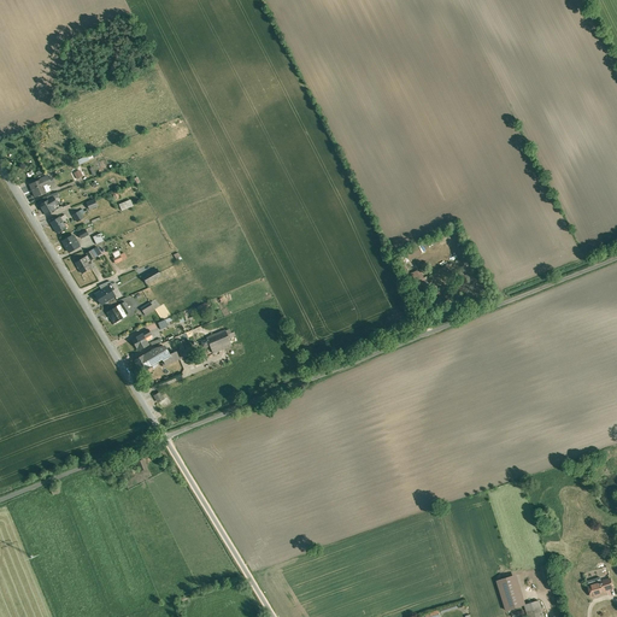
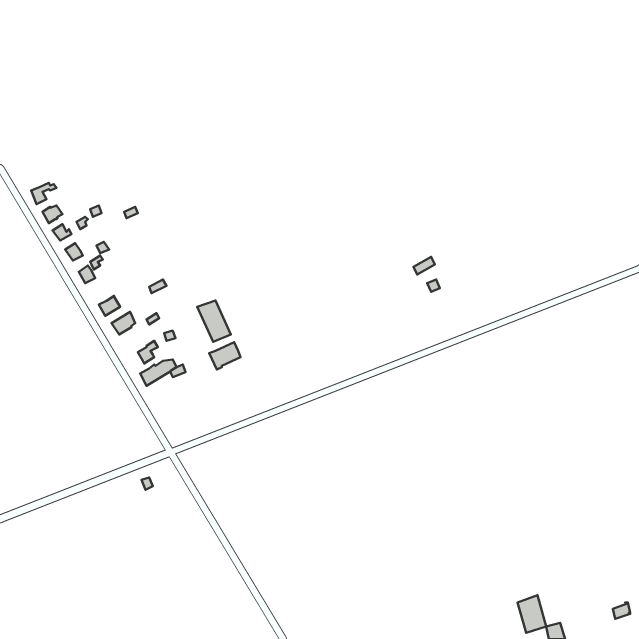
building: none -> [197,300,231,342]

